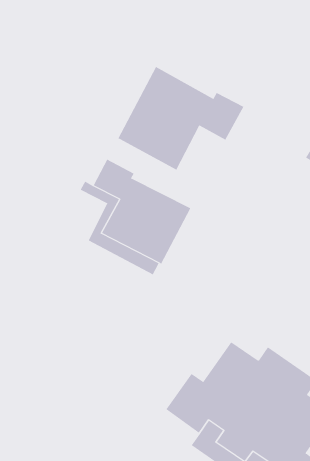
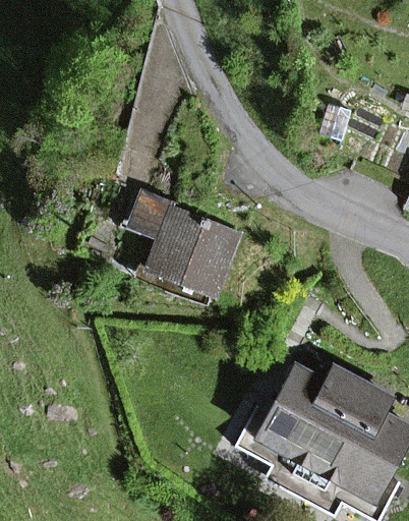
building: [117,66,244,171] -> none

